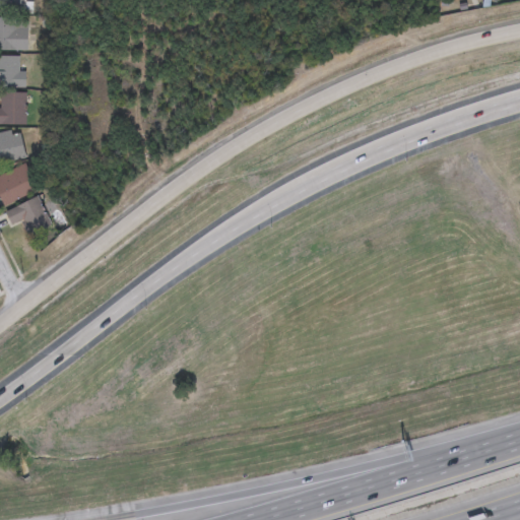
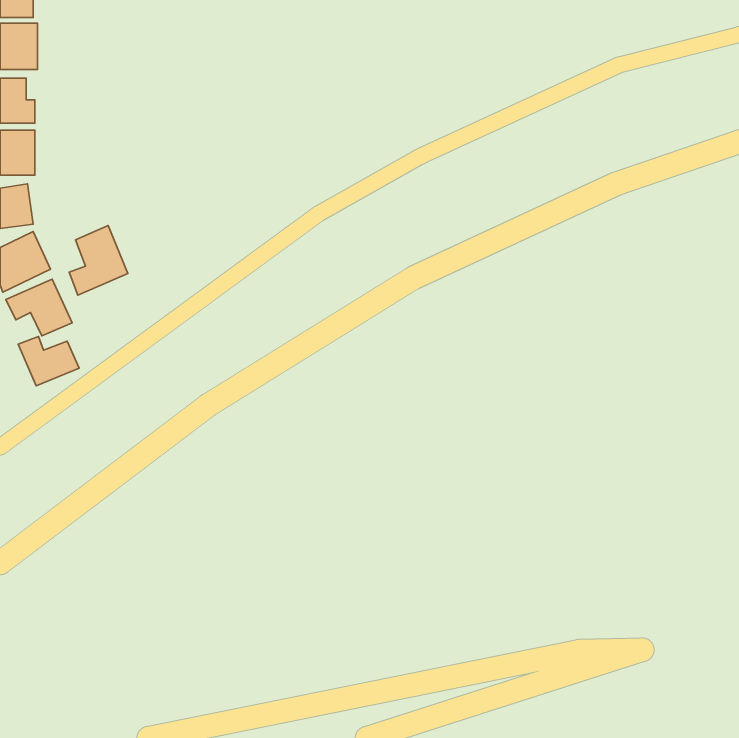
building: none -> [69,225,128,295]
building: none -> [18,336,79,386]

